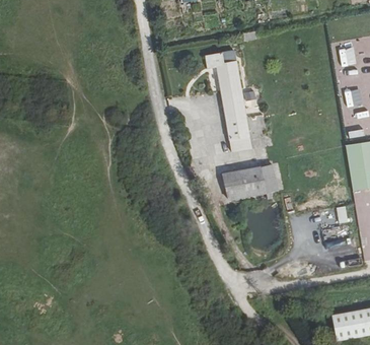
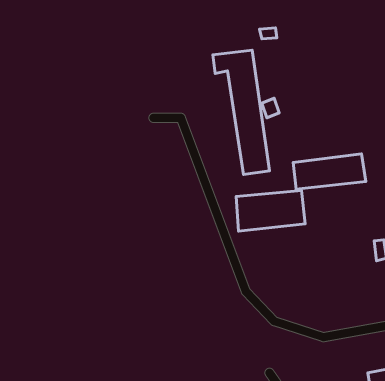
building: none -> [293,154,366,189]

